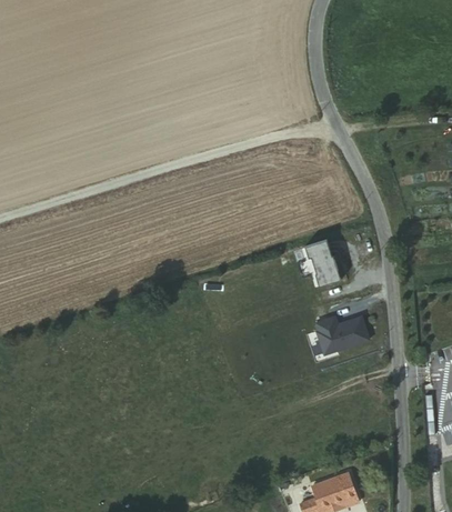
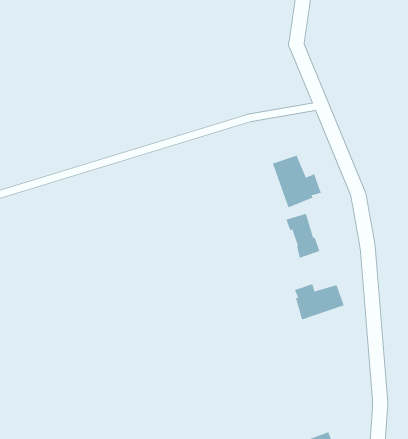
building: none -> [272,155,322,208]

